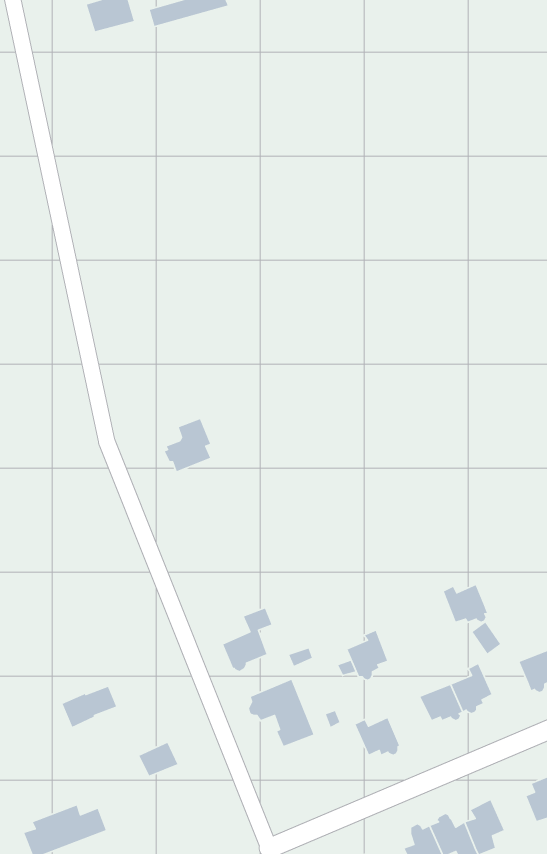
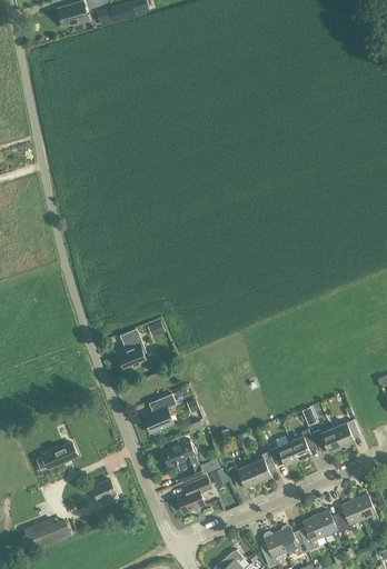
building: [164,418,211,472] -> [116,336,146,370]
building: [443,584,488,623] -> [311,428,340,452]
building: [346,630,388,680] -> [249,451,276,483]
building: none -> [176,477,210,512]
building: none -> [315,510,344,542]

